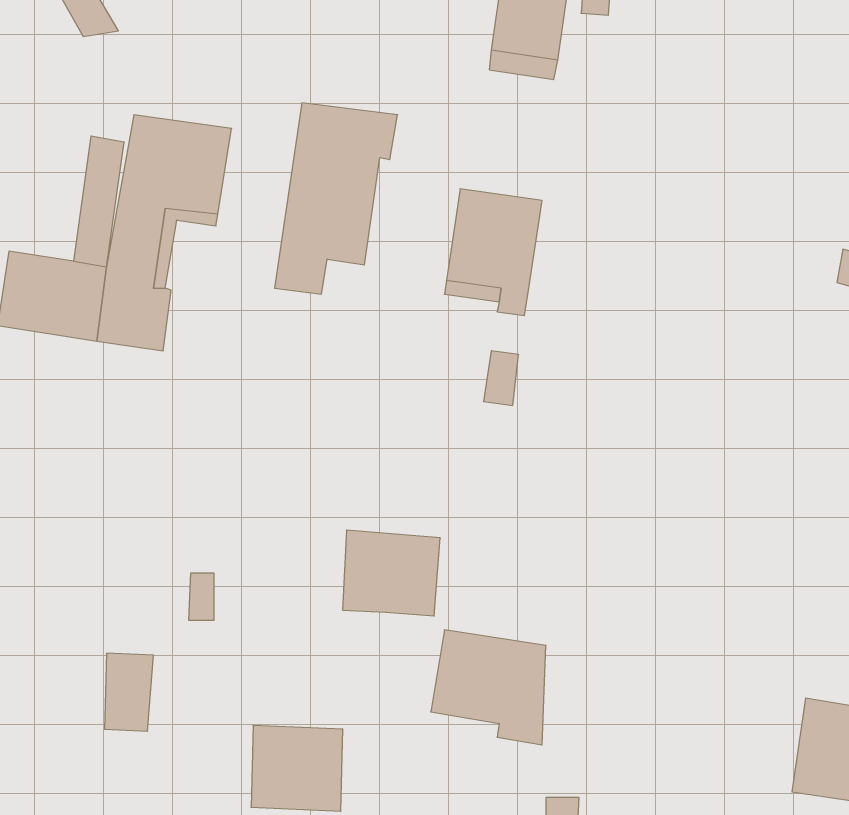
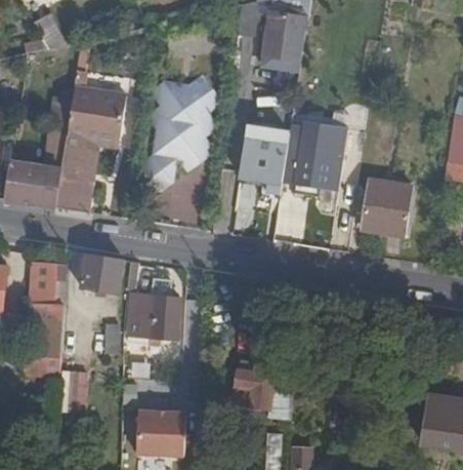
building: none -> [283,120,348,195]
building: none -> [363,179,413,234]
building: none -> [80,253,124,292]
building: none -> [24,262,67,377]
building: [343,530,440,616] -> [129,293,180,339]

